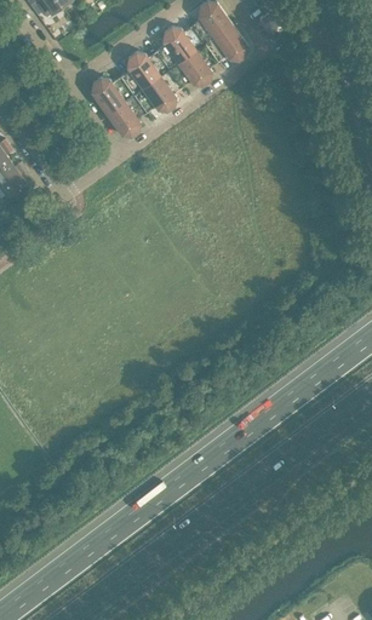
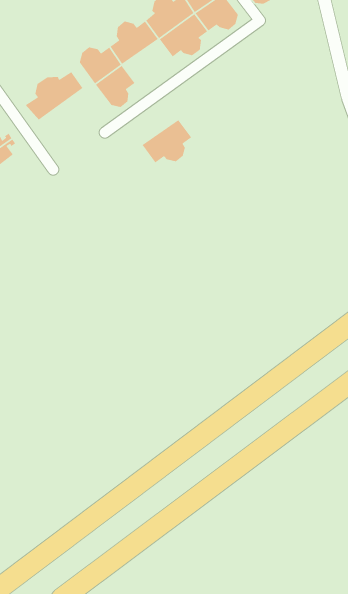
building: [133,70,183,114] -> [142,119,192,163]
building: none -> [25,71,84,120]

